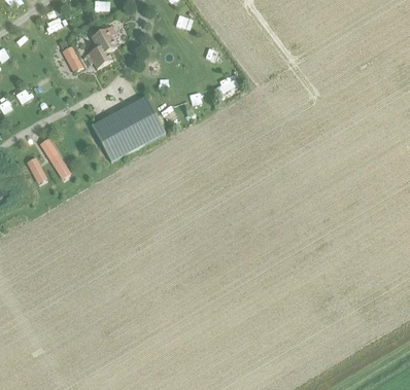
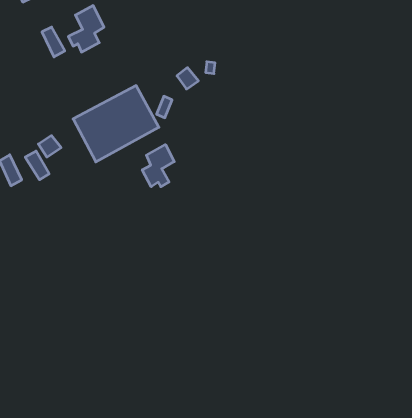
building: none -> [142,145,174,187]

